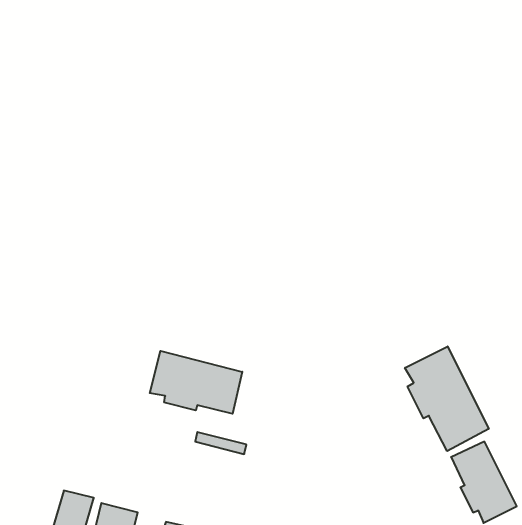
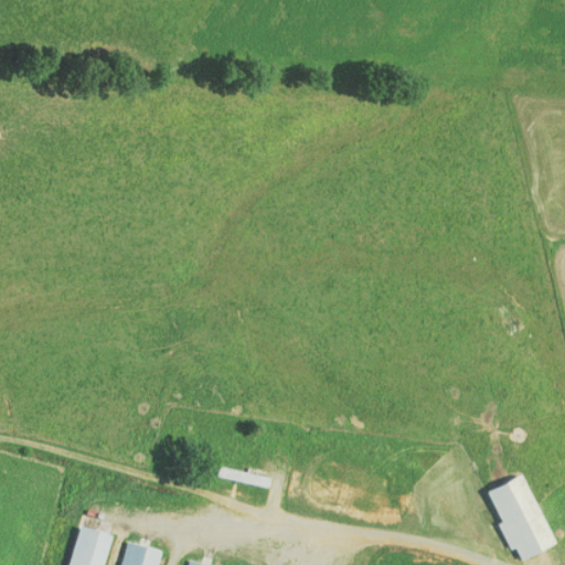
building: [405,346,489,451] -> none
building: [150,351,242,414] -> none

